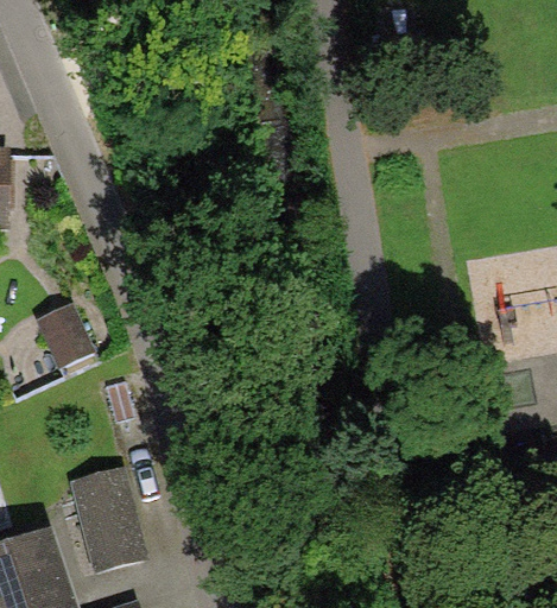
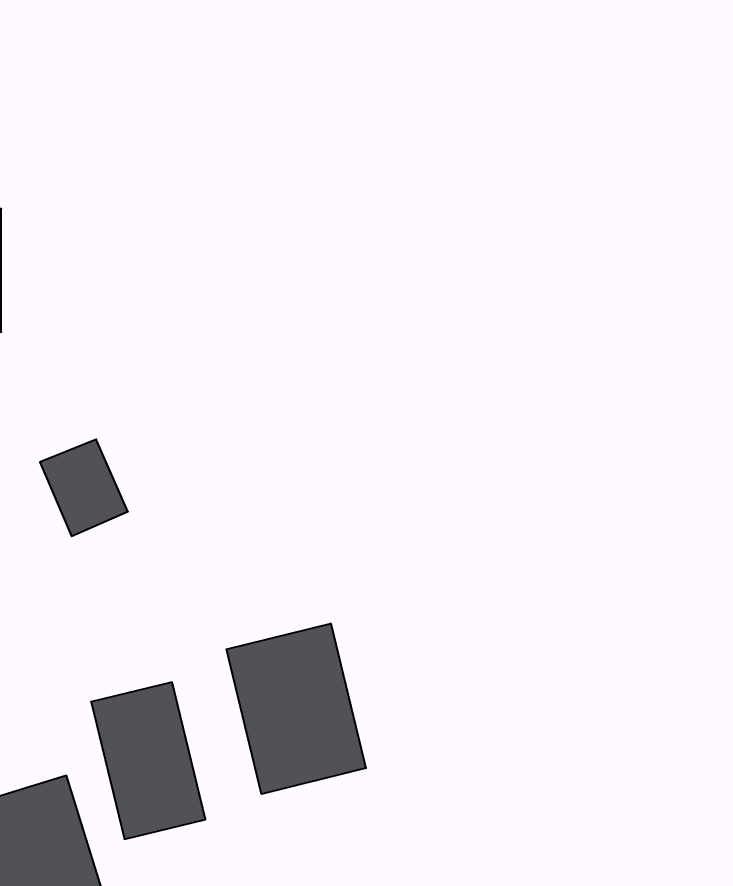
building: none -> [226,623,366,794]

